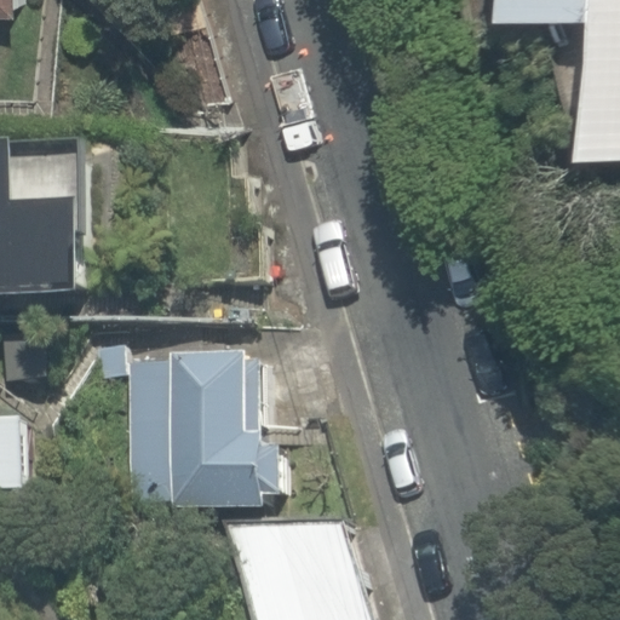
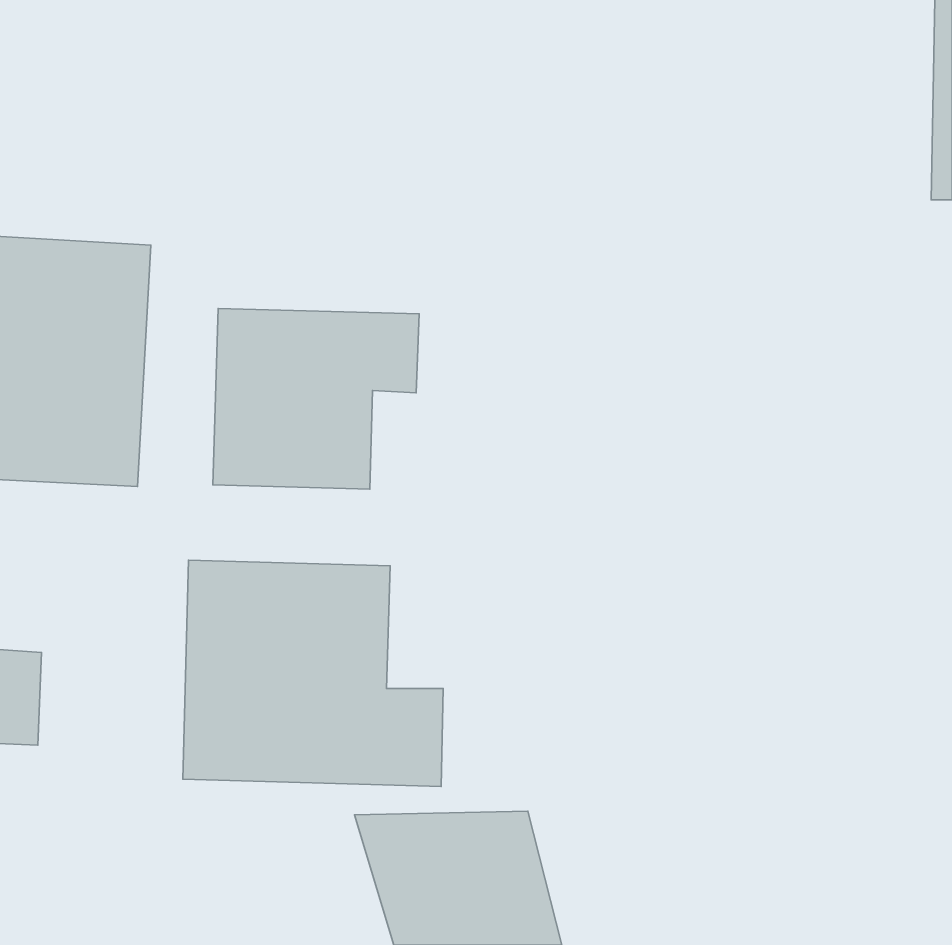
building: none -> [213,308,419,489]

